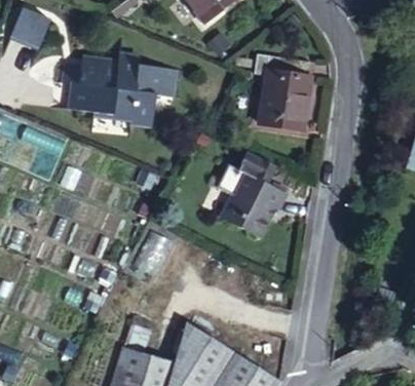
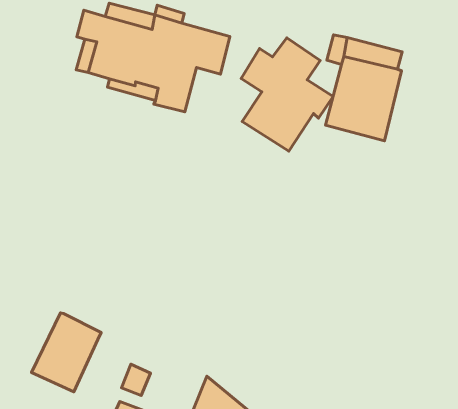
building: [217,157,287,241] -> [241,38,333,151]
building: none -> [31,313,101,392]

